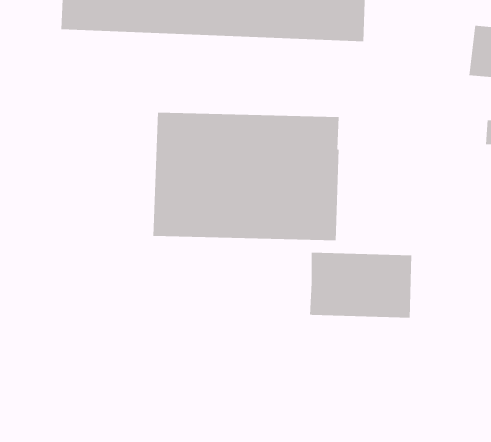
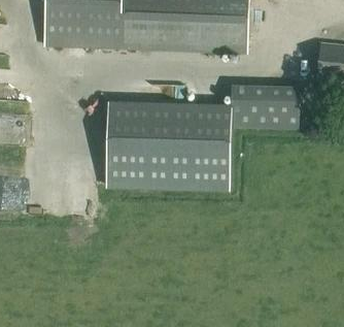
building: [309,252,412,318] -> [230,85,299,129]

